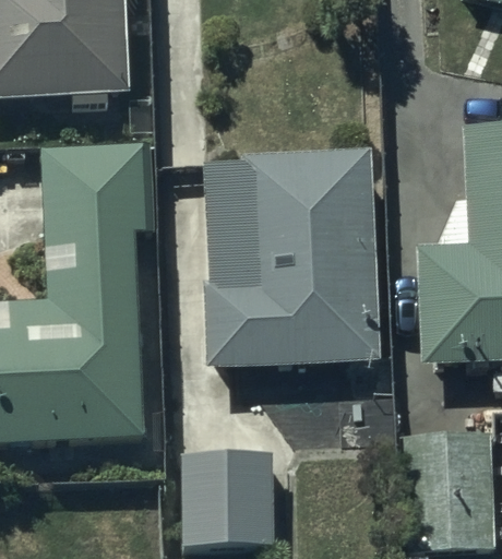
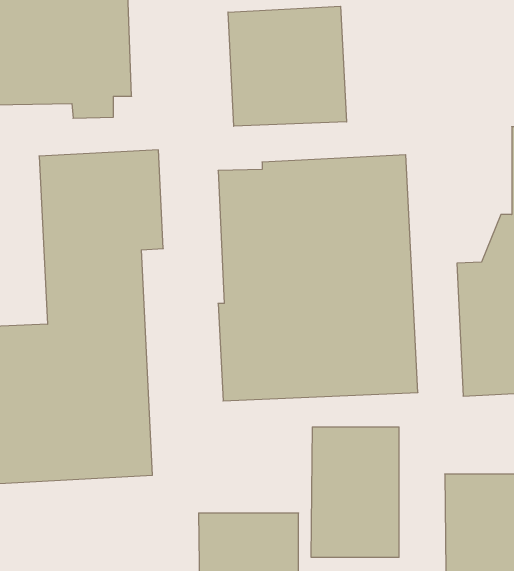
building: none -> [228,6,347,126]
building: none -> [311,427,399,557]

